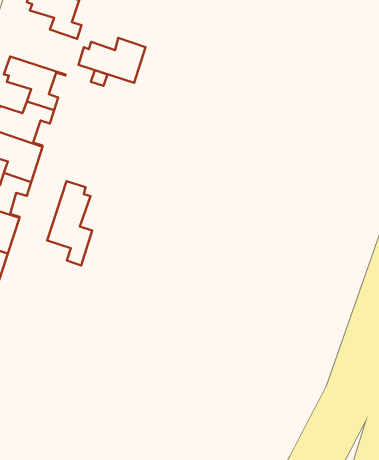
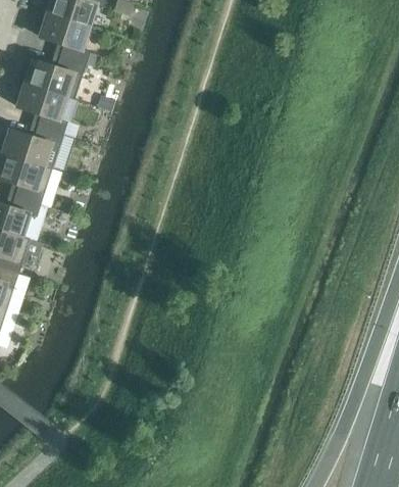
building: [78,38,146,83] -> [20,55,86,99]
building: [47,181,92,266] -> none

